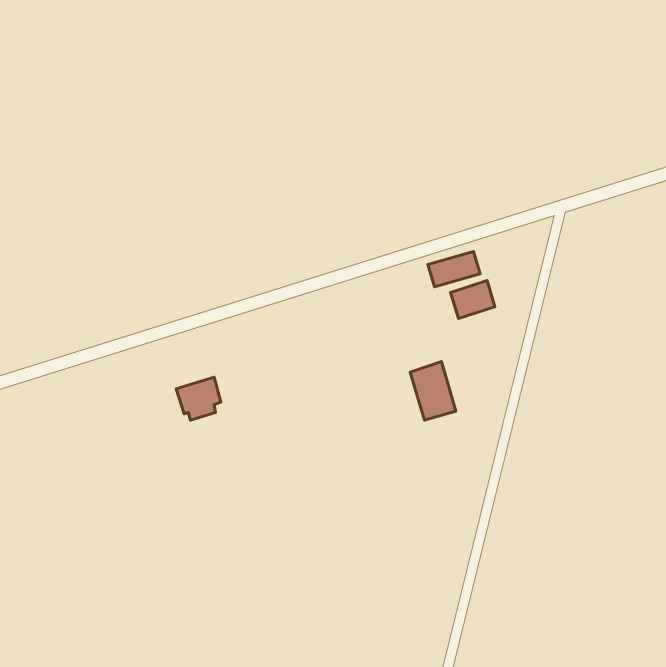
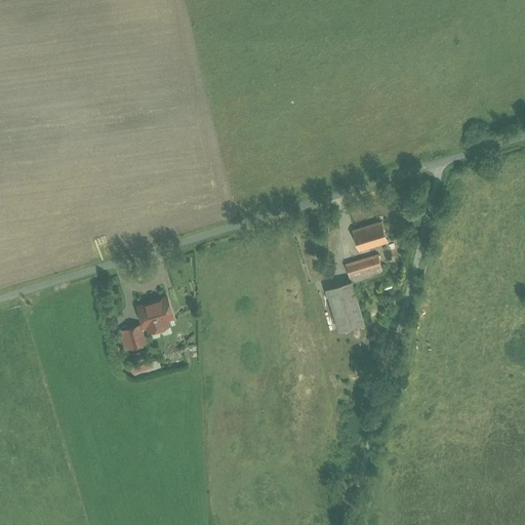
building: [428,252,480,287] -> [342,256,383,284]
building: none -> [120,324,147,348]

